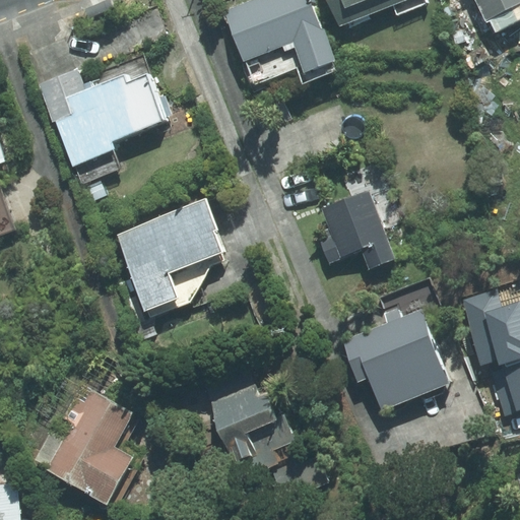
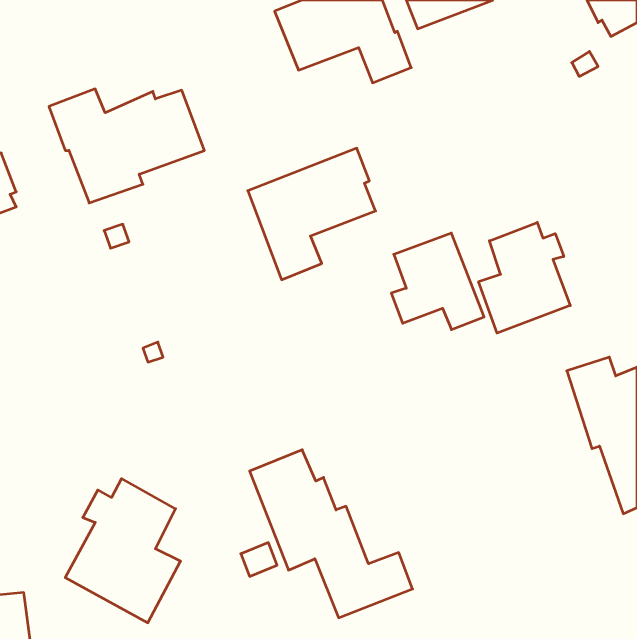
building: none -> [479,222,570,333]
building: [118,202,221,309] -> [248,148,376,280]
building: [342,310,449,408] -> none

